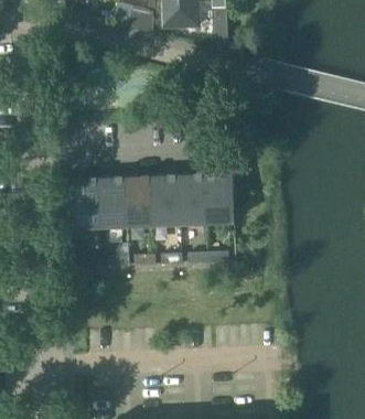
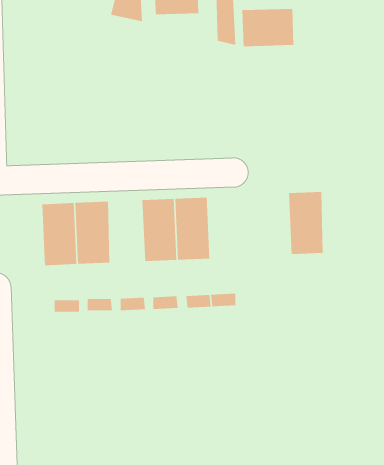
building: none -> [242,8,294,47]
building: [203,173,232,224] -> [288,191,324,254]
building: [124,176,152,227] -> none

